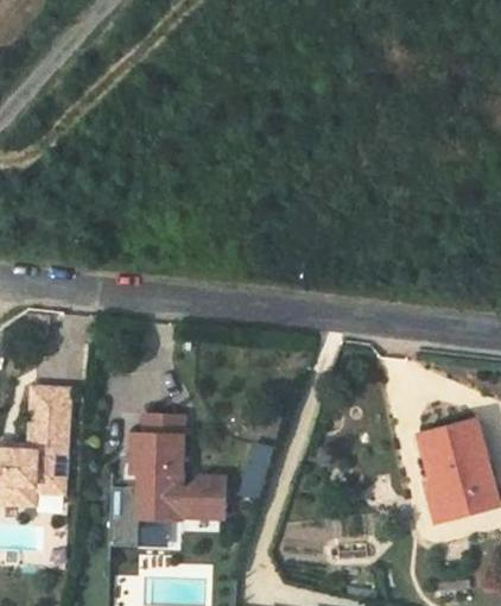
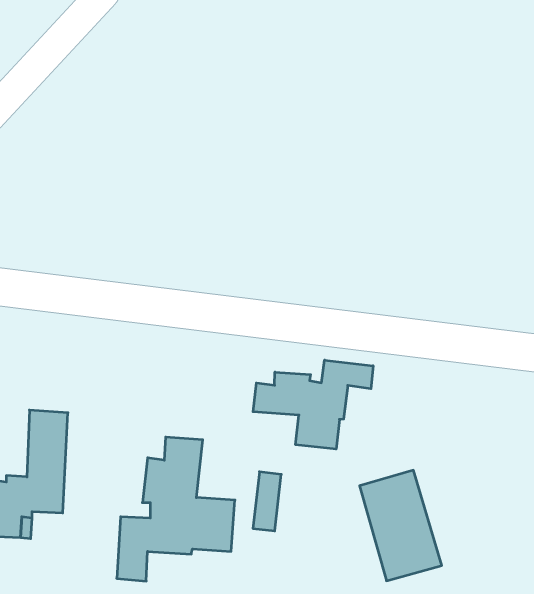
building: none -> [253,360,373,449]
building: [417,421,493,523] -> [360,470,442,581]

